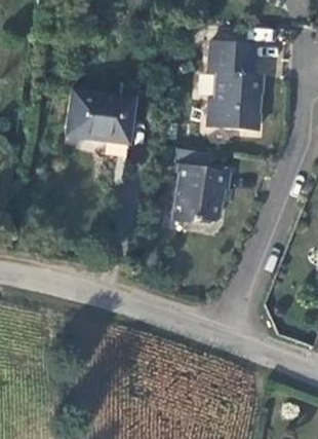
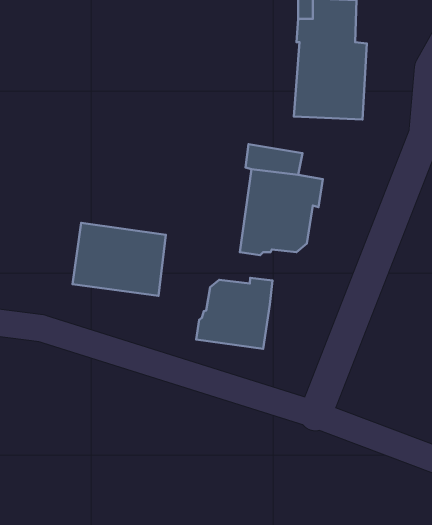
building: [67,94,132,145] -> [72,223,166,296]
building: none -> [196,278,273,349]

